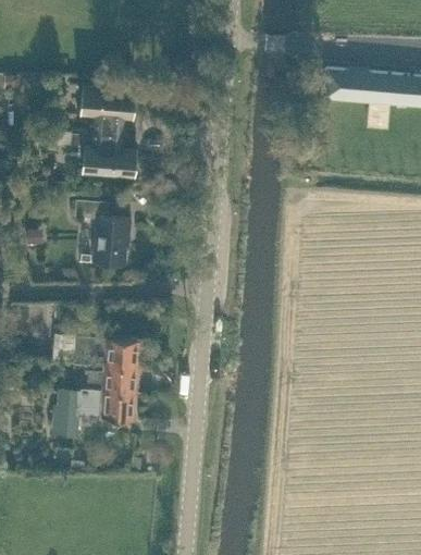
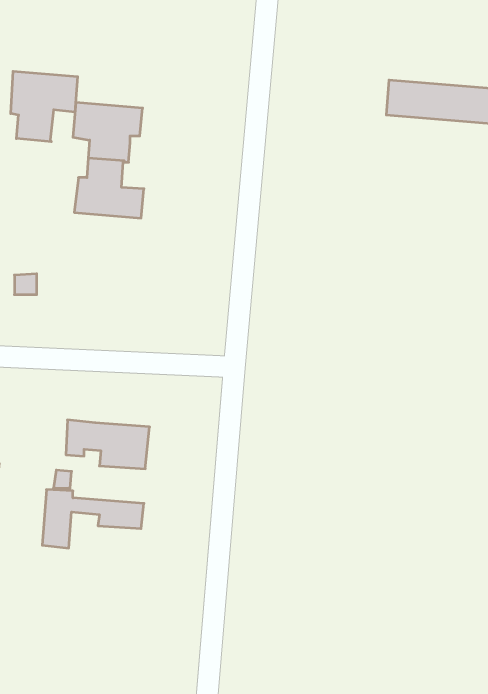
building: none -> [11,71,78,142]
building: [74,200,129,264] -> none
building: [79,371,136,402] -> none

